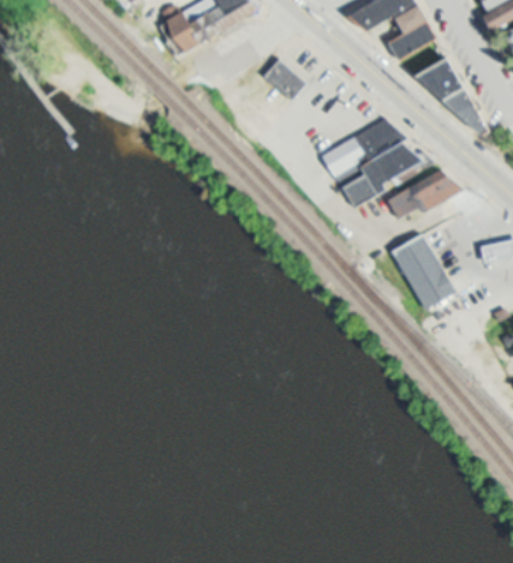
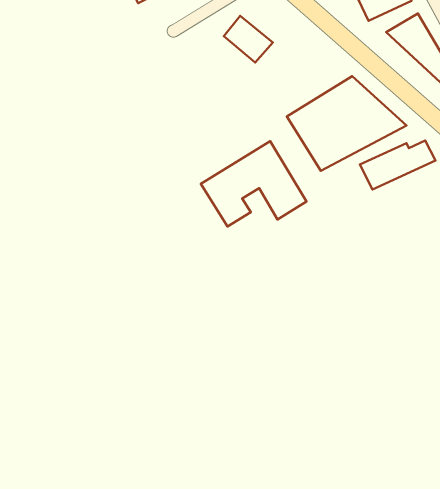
building: none -> [201,141,306,227]
building: [390,234,455,315] -> none

